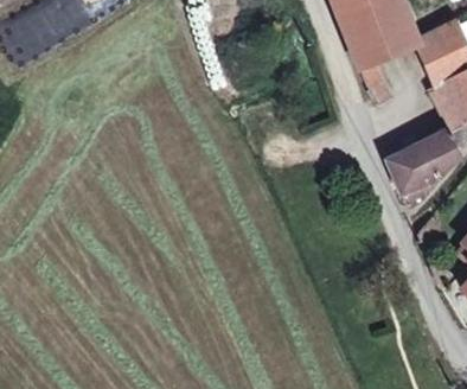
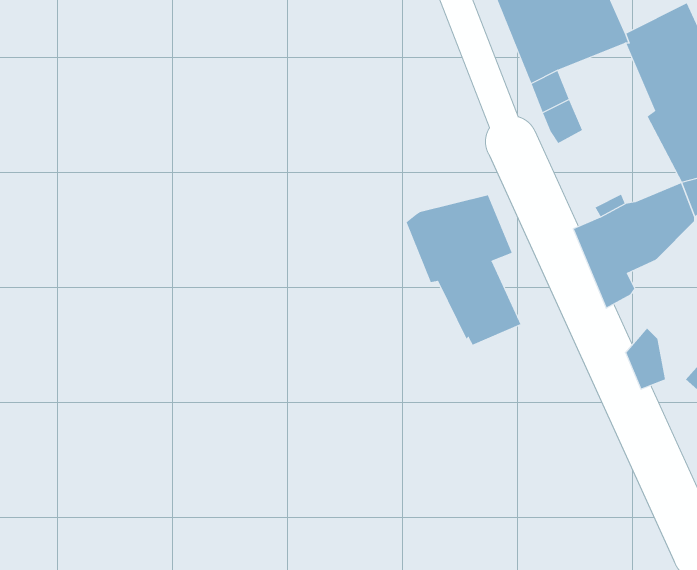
building: none -> [406,195,521,346]

